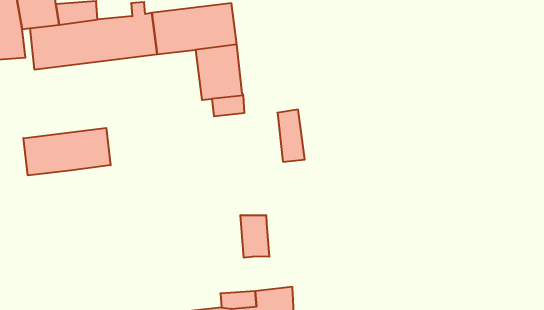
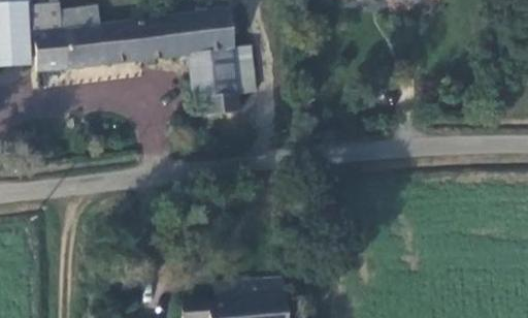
building: [277,110,305,162] -> [232,43,258,93]
building: [23,128,111,175] -> none
building: [240,215,269,258] -> none

